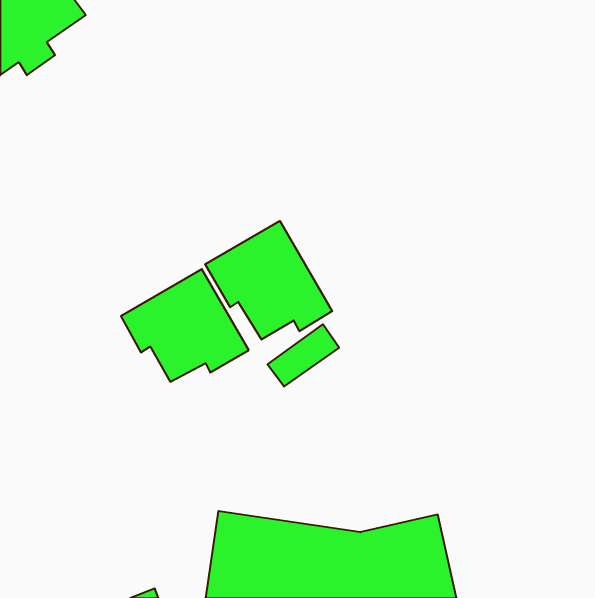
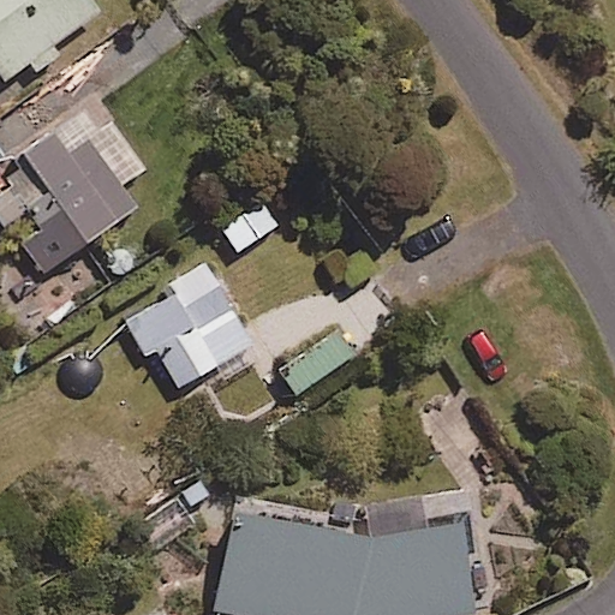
building: none -> [14,98,145,280]
building: [205,221,332,340] -> none

